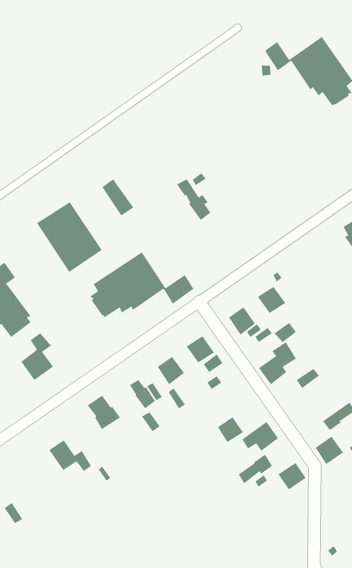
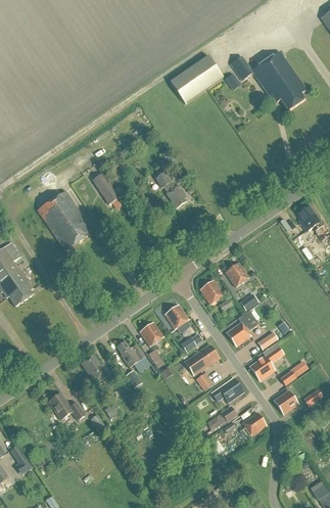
building: none -> [170,56,224,104]
building: [89,252,194,318] -> none
building: [21,332,54,381] -> none
building: none -> [249,342,283,380]
building: none -> [184,344,219,375]

